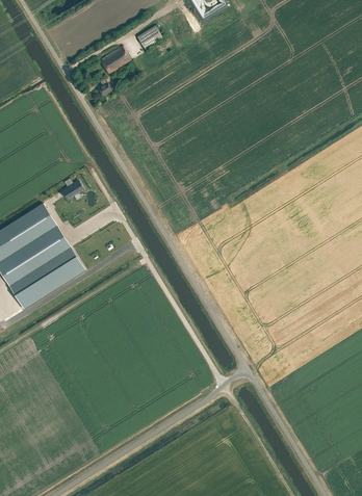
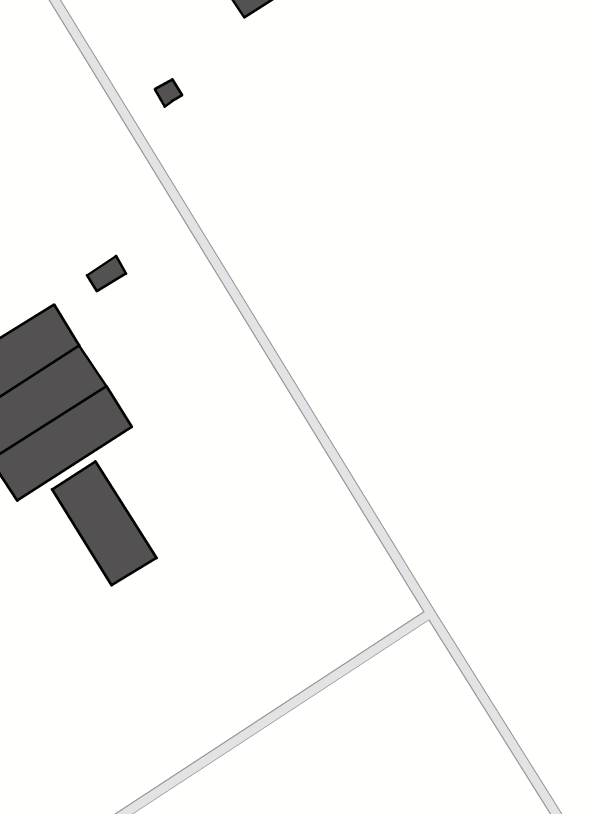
building: [100,46,130,74] -> none
building: none -> [52,461,157,585]

